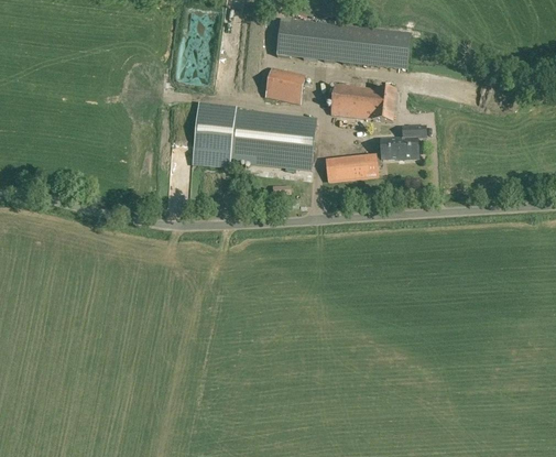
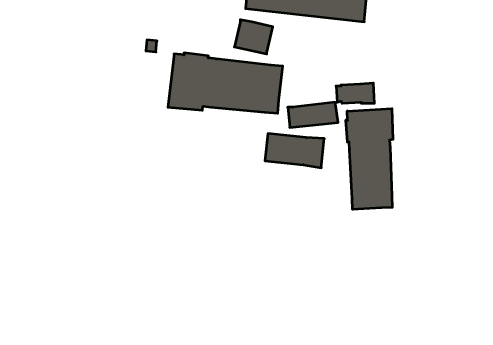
building: [330,84,395,121] -> [265,134,324,168]
building: none -> [346,109,393,209]

